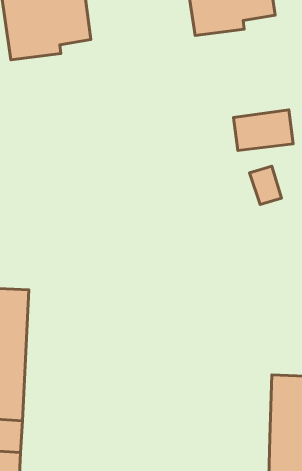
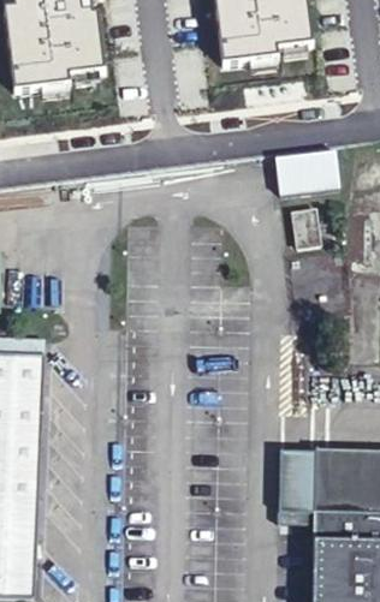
building: none -> [277,447,315,519]

